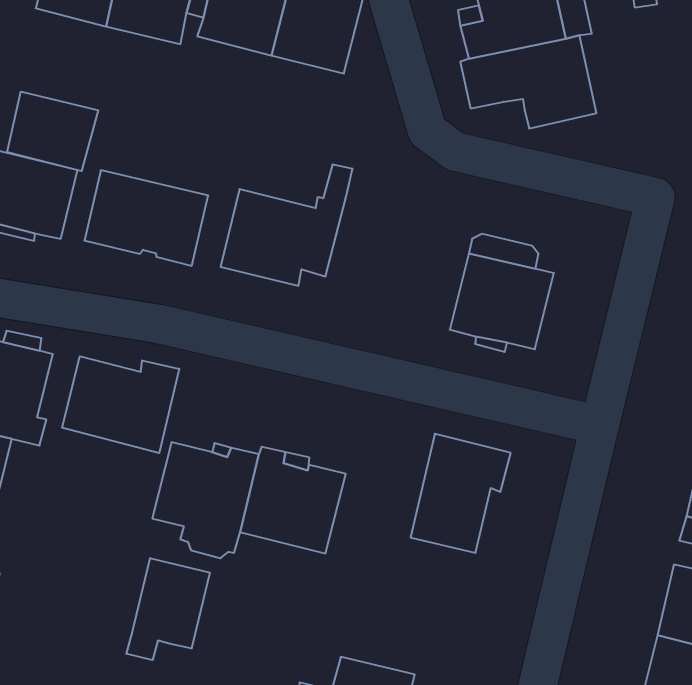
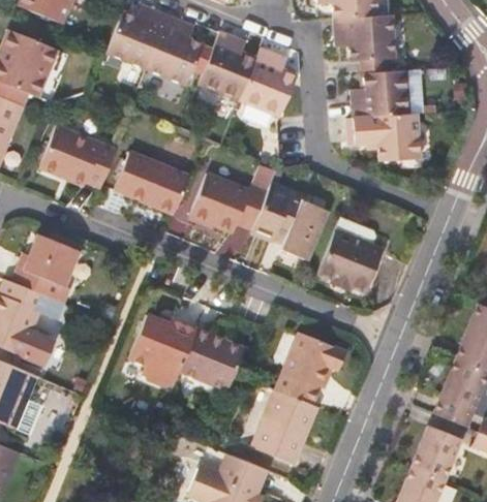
building: [7,92,98,171] -> none
building: none -> [250,187,327,261]
building: [62,356,179,453] -> none
building: none -> [253,389,317,465]
building: [126,558,210,660] -> none

